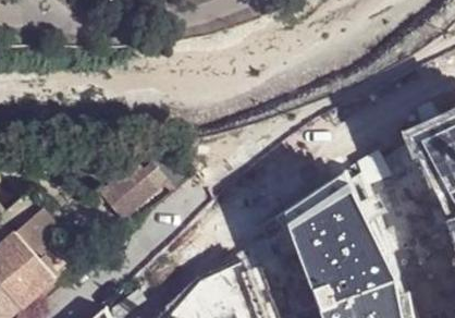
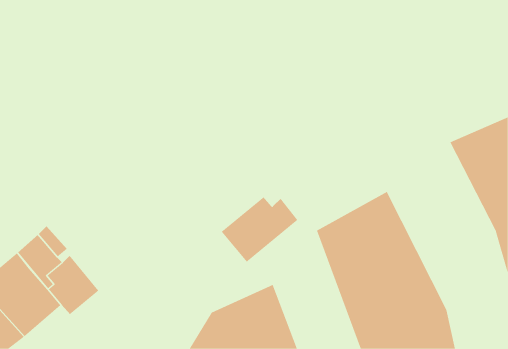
building: [101,160,170,219] -> [221,197,298,263]

